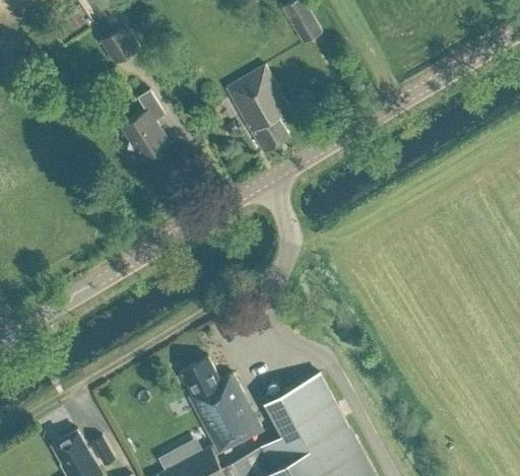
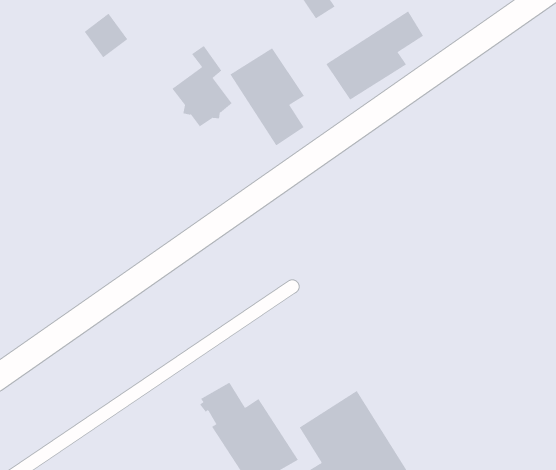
building: none -> [326,11,424,101]
building: [119,91,172,163] -> [172,45,232,127]

